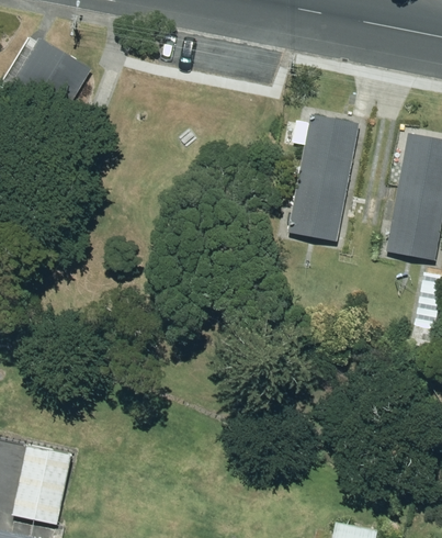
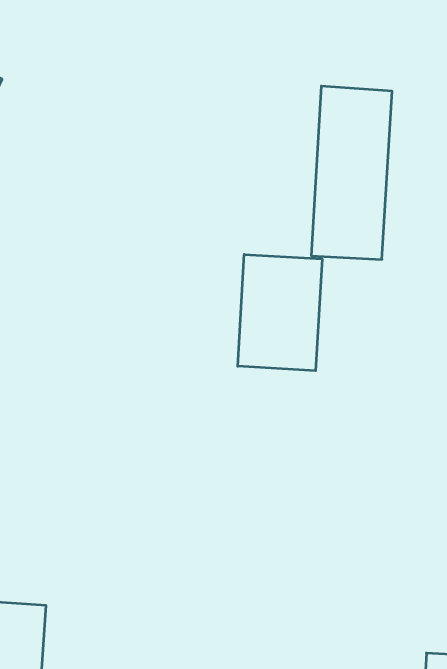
building: none -> [238,254,322,371]

